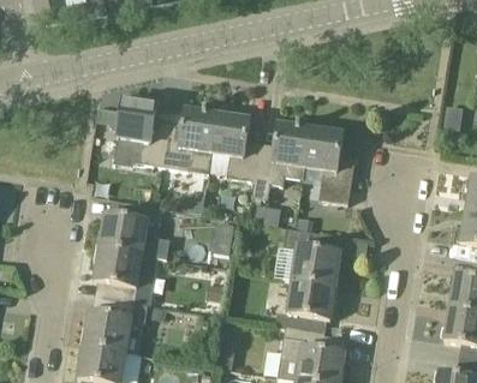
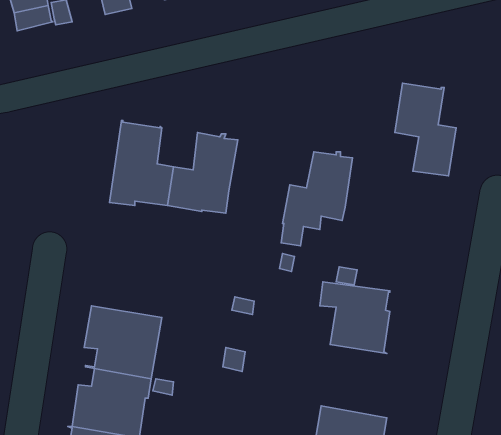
building: [210,114,260,181] -> none
building: [304,128,353,203] -> [395,83,456,176]
building: [97,198,169,259] -> none
building: [275,279,338,335] -> none

